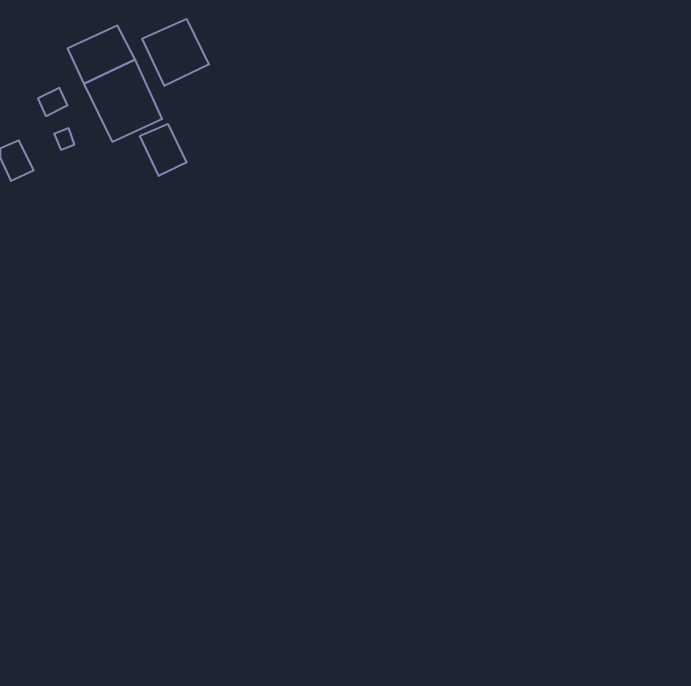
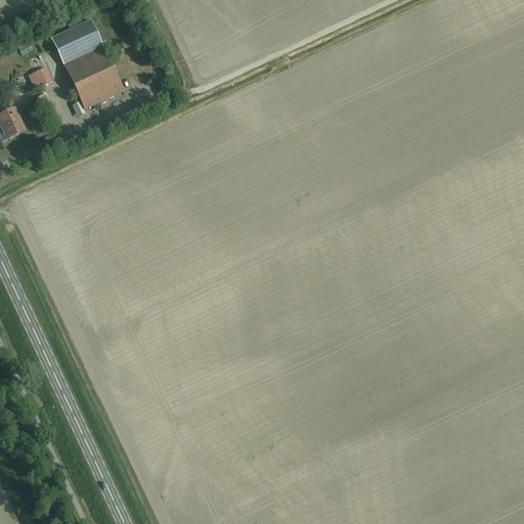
building: [142,19,209,86] -> none
building: [140,124,187,176] -> none

